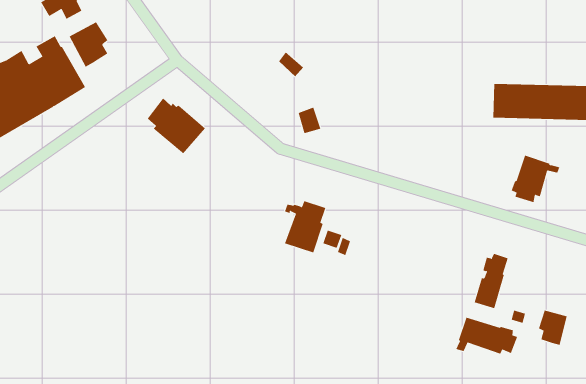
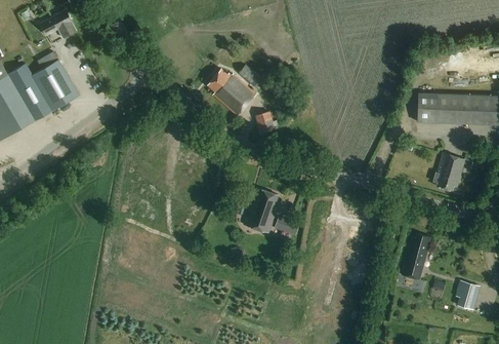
building: [69,21,108,67] -> none
building: [147,98,206,154] -> [207,69,256,116]
building: [456,317,518,354] -> none

